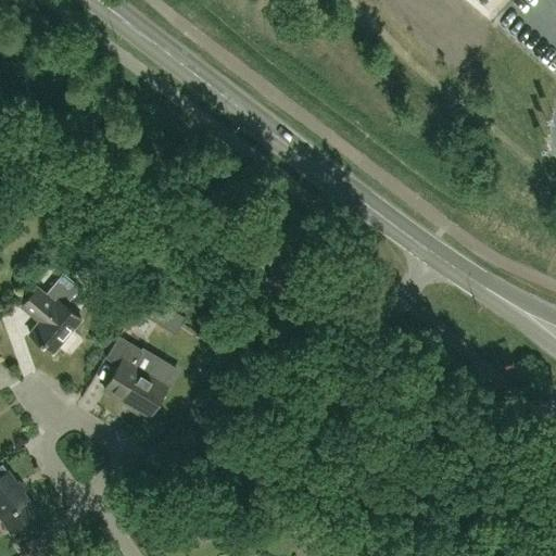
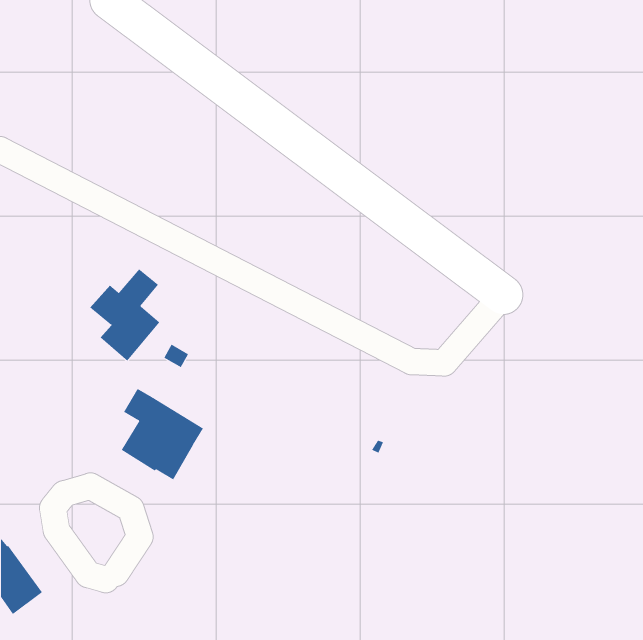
building: [21,275,81,355] -> [90,268,160,362]

